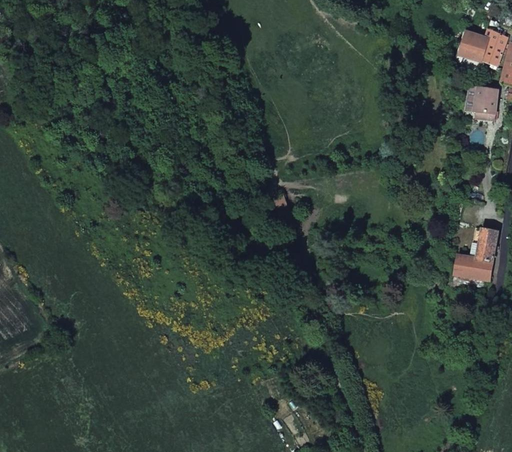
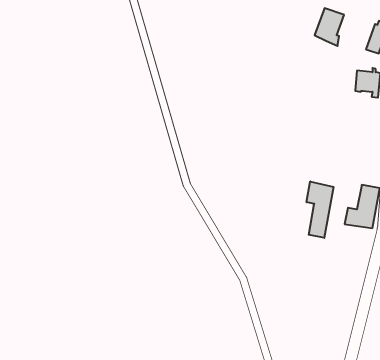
building: [454,28,490,74] -> [315,8,344,46]
building: none -> [307,181,334,238]

